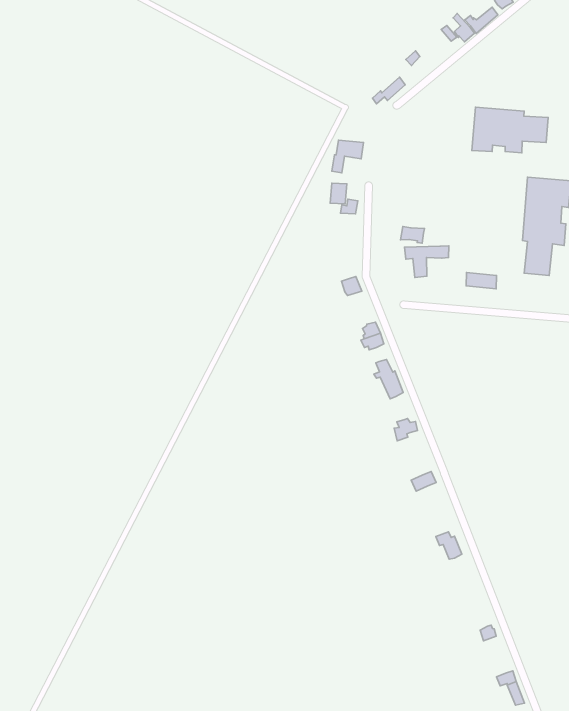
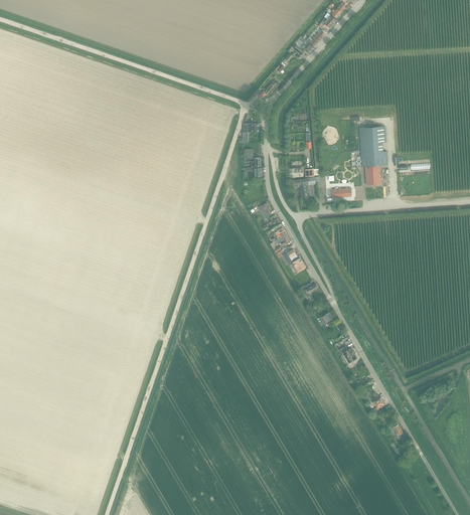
building: [472,107,548,153] -> none

